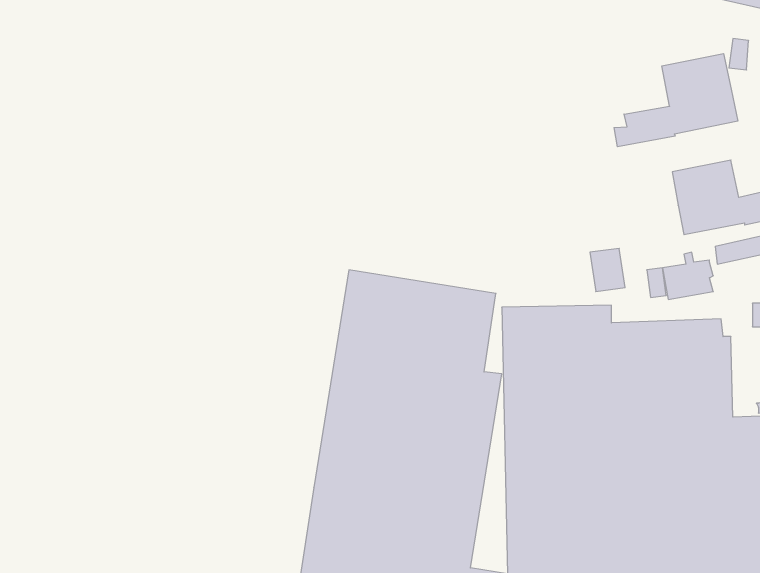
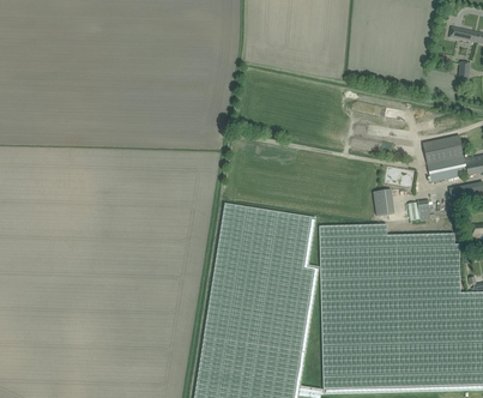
building: [614,54,738,147] -> none

